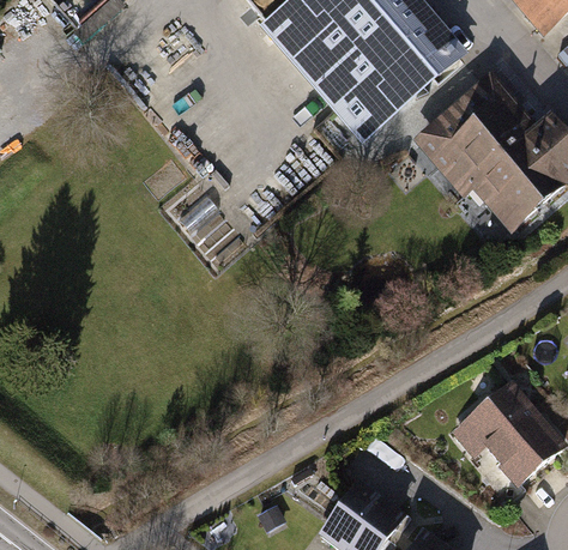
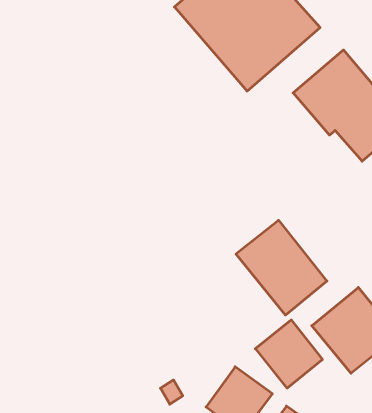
building: none -> [236,220,327,315]
building: none -> [255,320,322,388]

